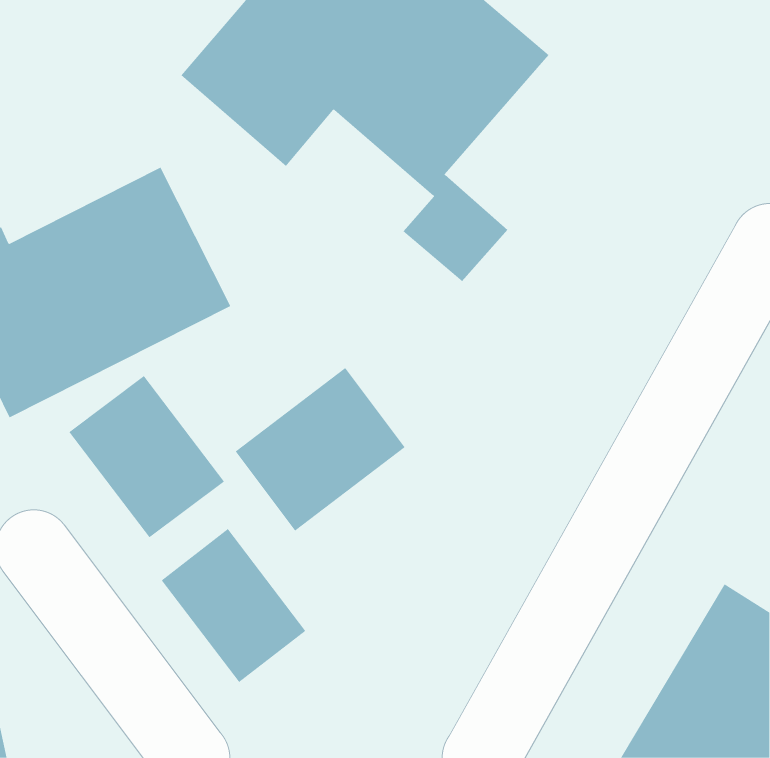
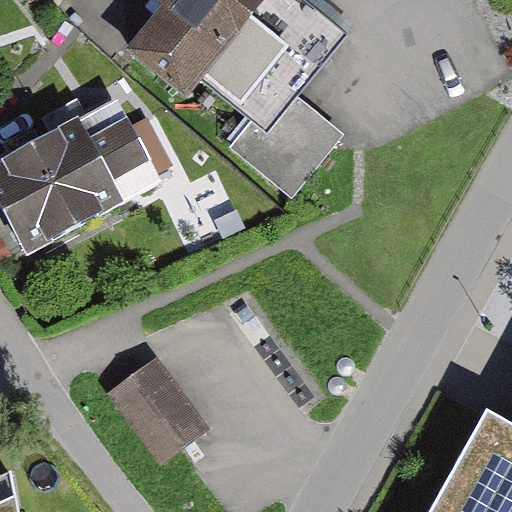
building: [235,367,405,532] -> none
building: [68,375,225,538] -> none

